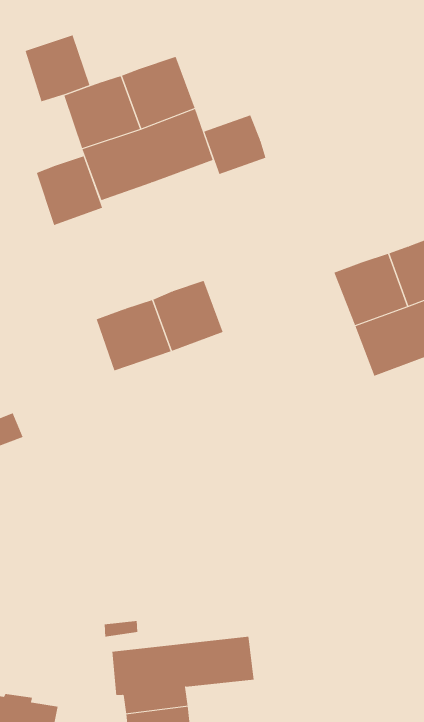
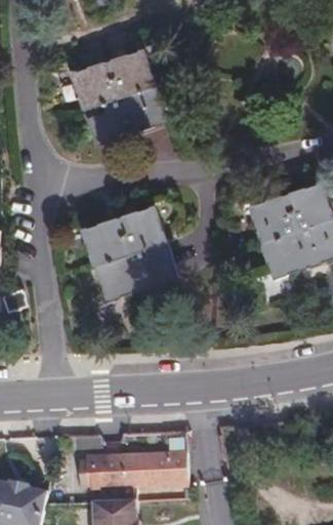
building: [25,34,90,102] -> none
building: [203,114,266,175] -> none
building: [36,156,103,226] -> none
building: none -> [94,241,183,301]

